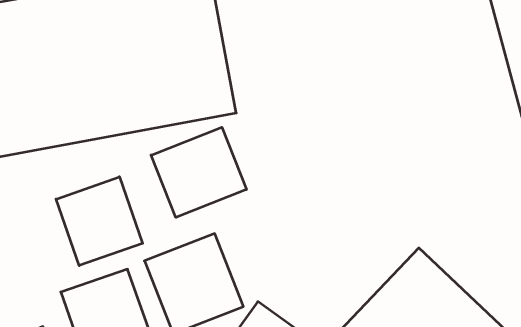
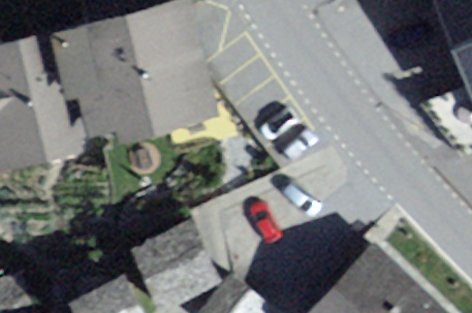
building: [151,127,246,217] -> none
building: [56,177,143,266] -> none

